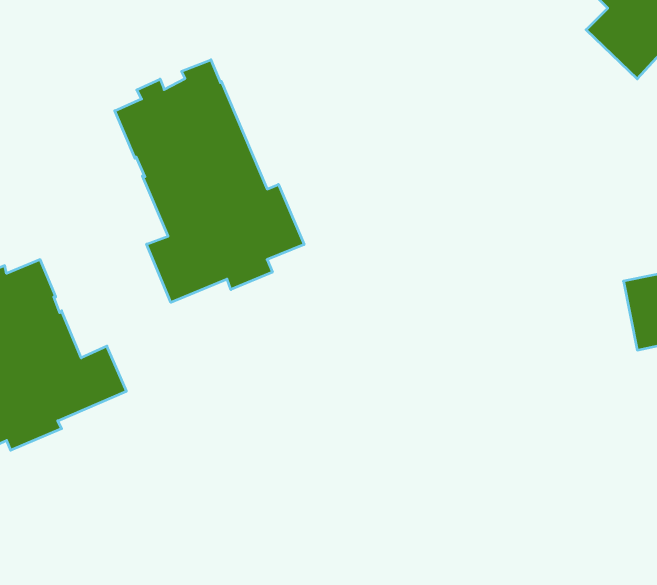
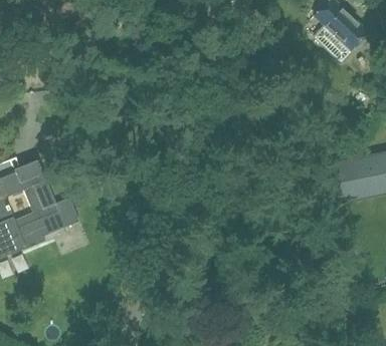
building: [115,60,304,302] -> none

